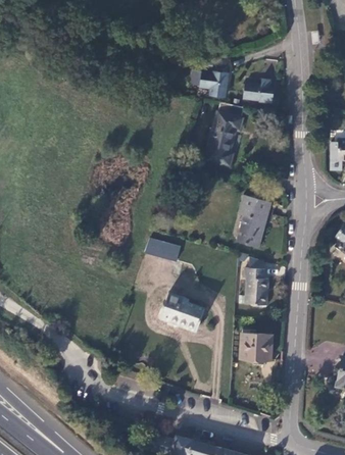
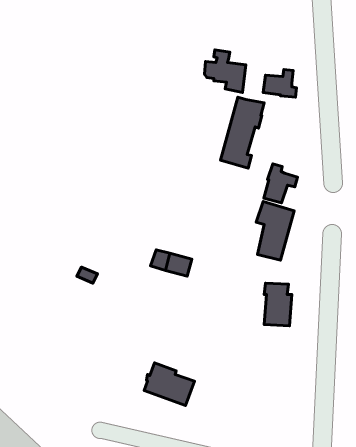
building: none -> [264,164,297,203]
building: [160,293,205,331] -> [144,363,195,405]
building: [241,333,272,360] -> none

